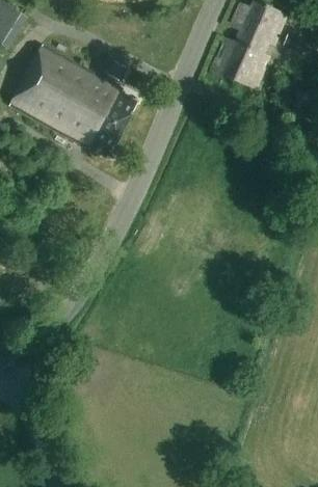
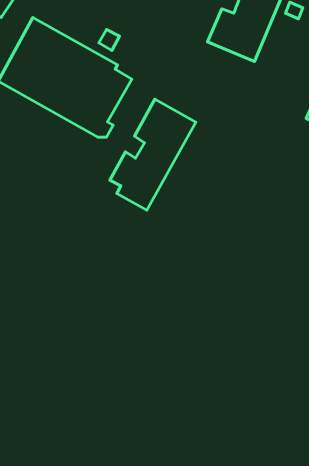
building: none -> [110,99,196,210]

